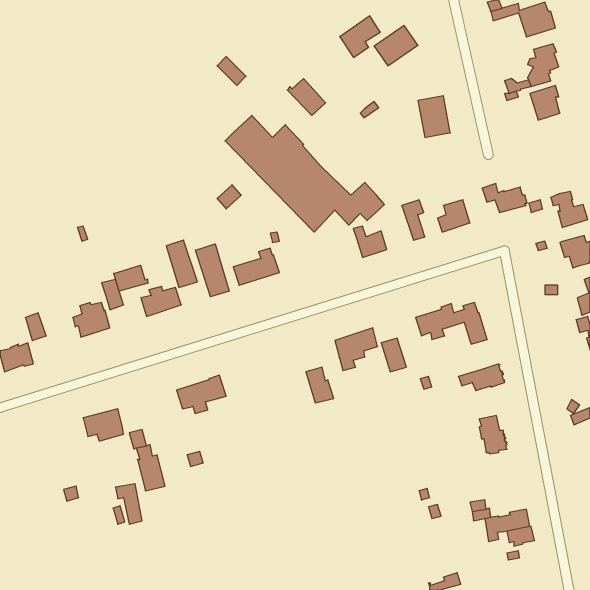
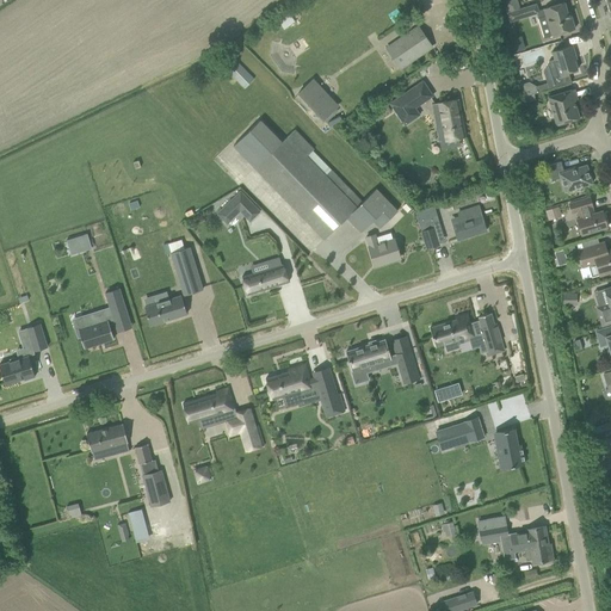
building: [340,16,380,58] -> [390,81,432,124]
building: [482,184,527,212] -> [547,161,593,191]
building: [195,244,229,297] -> none
building: [114,265,148,291] -> none
building: none -> [265,364,311,406]
building: [458,364,505,391] -> [436,418,483,445]
building: none -> [224,408,264,451]

